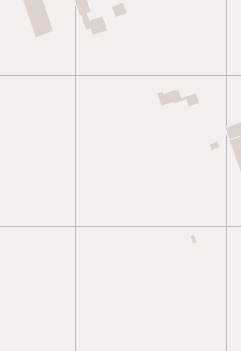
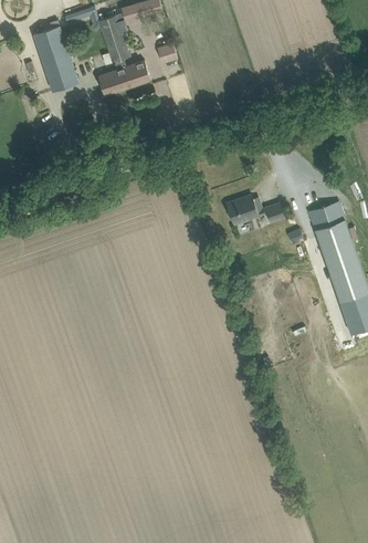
building: none -> [97,70,129,96]
building: [157,89,200,107] -> [227,198,285,222]

